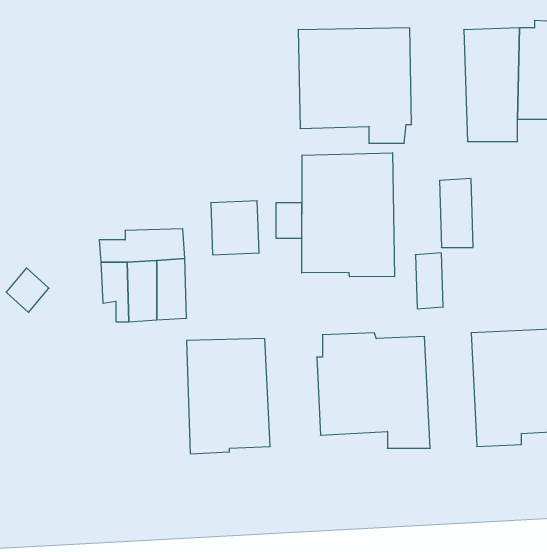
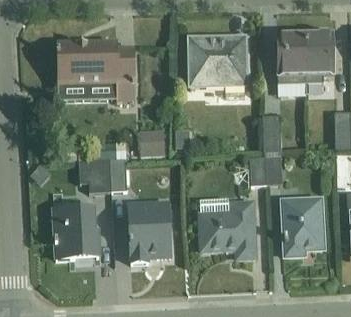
building: none -> [56,43,135,102]
building: [302,153,395,277] -> none
building: none -> [264,152,282,184]
building: none -> [54,208,98,258]

